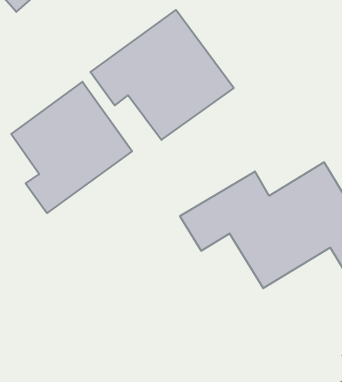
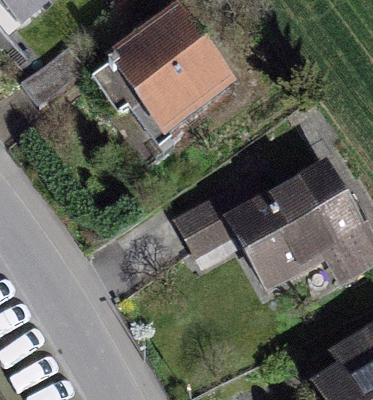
building: [11,82,132,213] -> none

